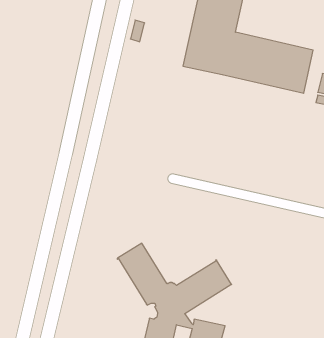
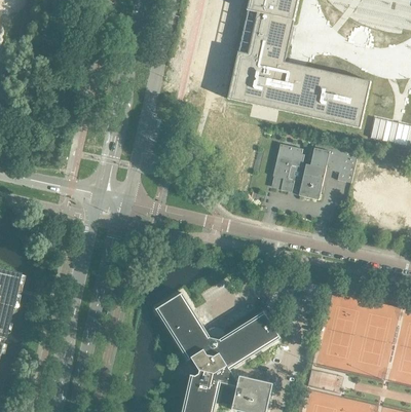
building: none -> [271,142,357,198]

